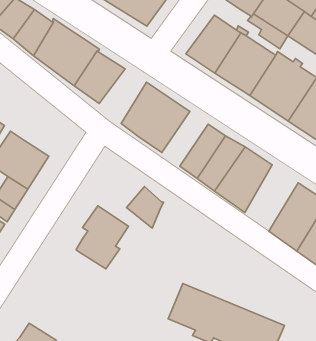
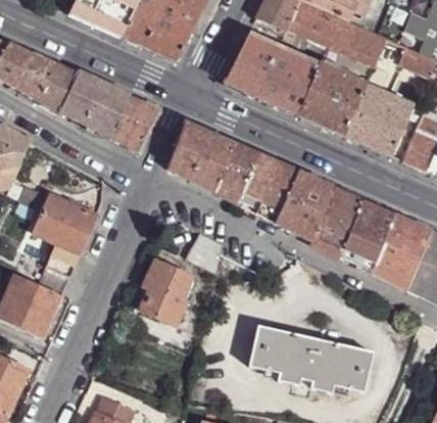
building: none -> [213,142,257,201]
building: none -> [311,184,362,254]

